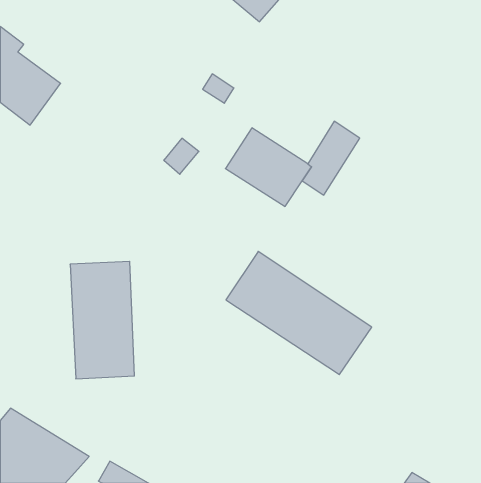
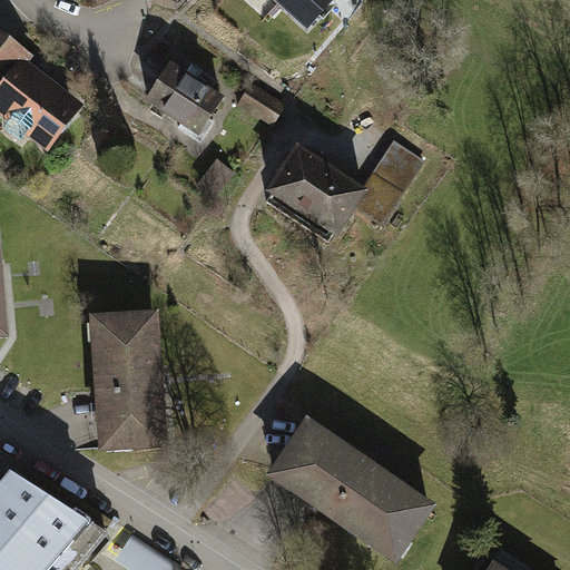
building: none -> [138,53,225,135]
building: [226,251,372,375] -> [262,412,433,557]

